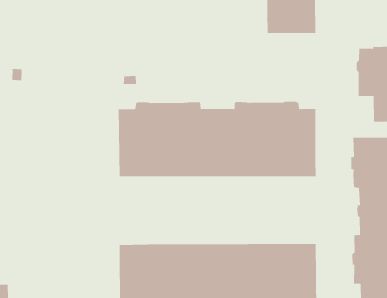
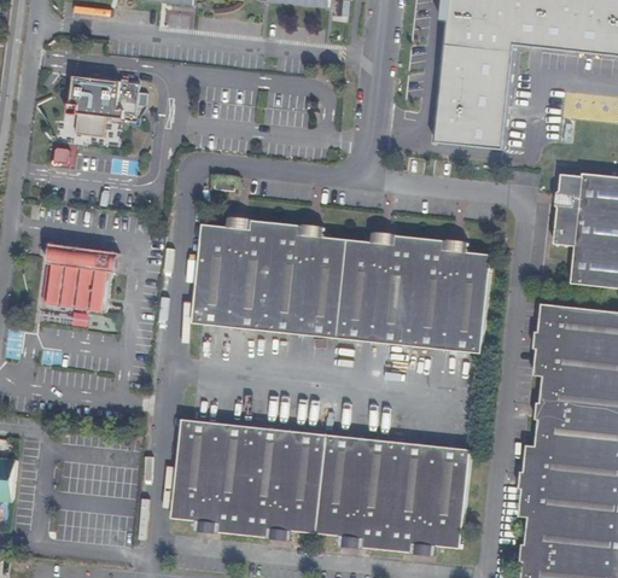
building: none -> [68,74,147,136]
building: none -> [42,243,118,313]

